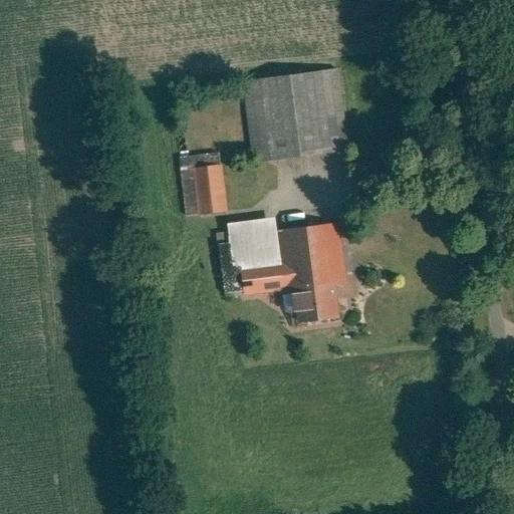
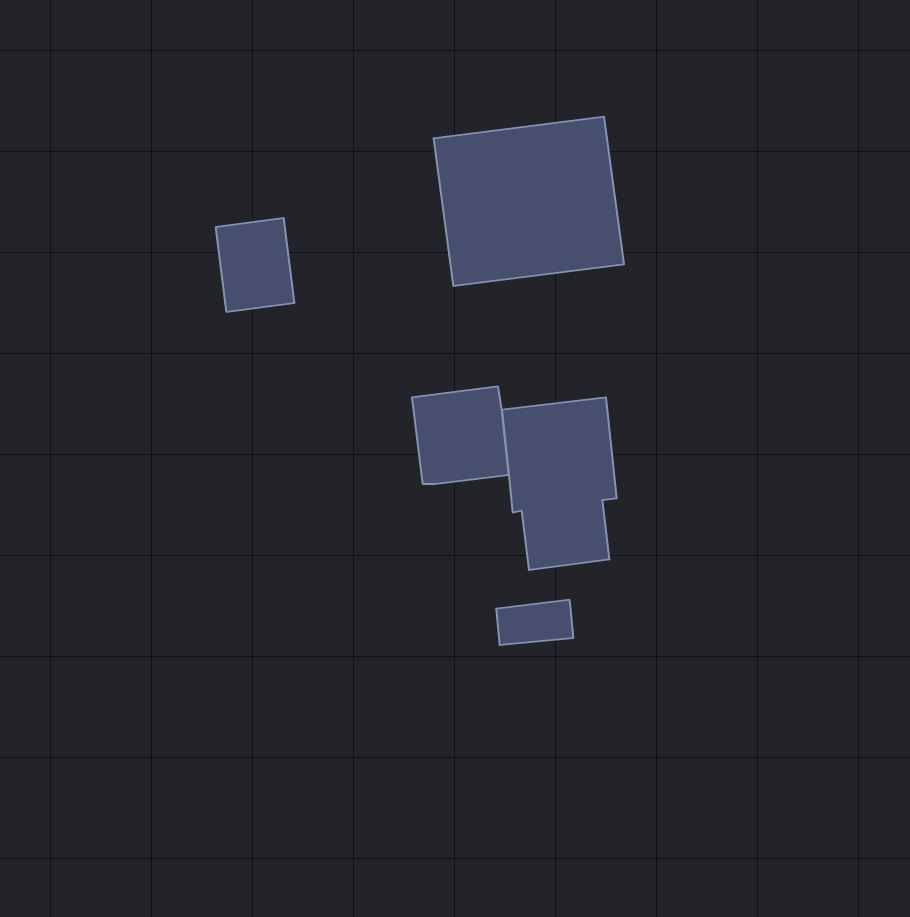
building: [182,163,226,215] -> [216,218,295,312]
building: [243,266,286,291] -> [496,600,573,645]

